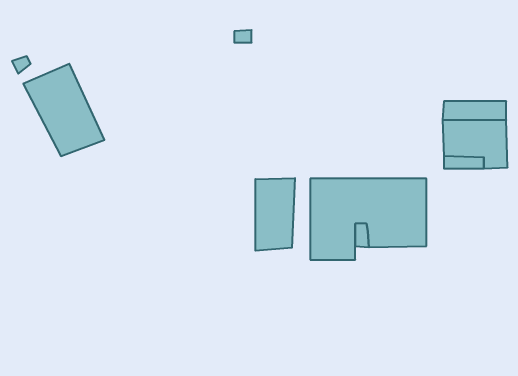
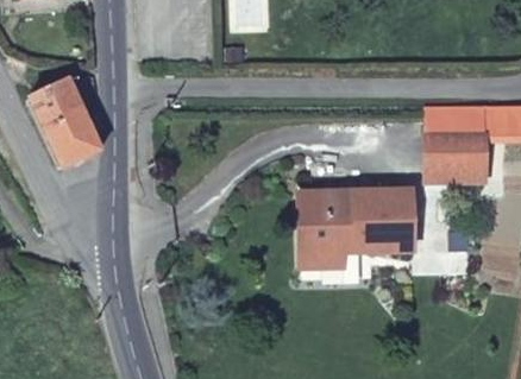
building: [255,178,295,251] -> none

